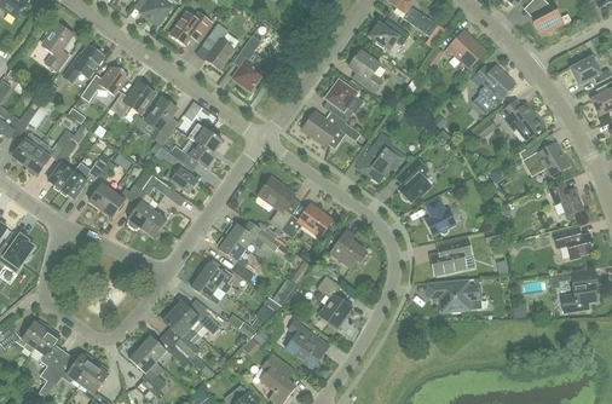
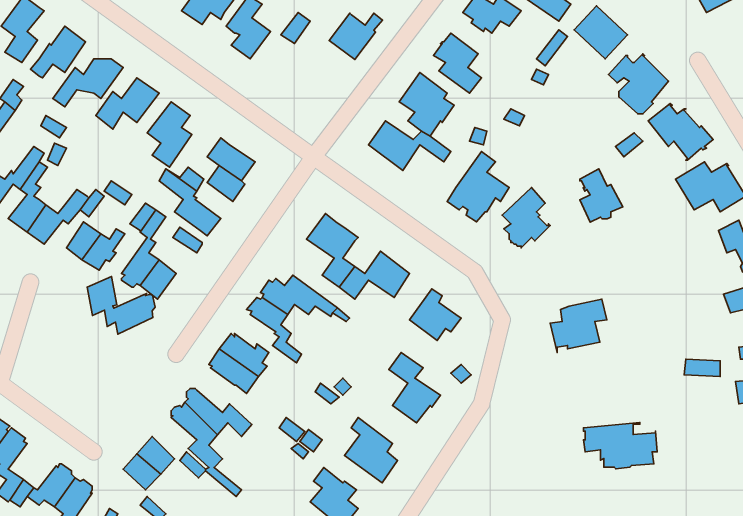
building: [232,58,270,91] -> [329,13,382,59]
building: [426,197,456,235] -> [580,169,623,222]
building: none -> [87,277,155,334]
building: [428,278,480,311] -> [583,423,657,469]

